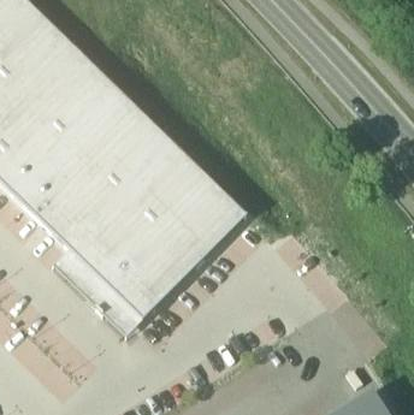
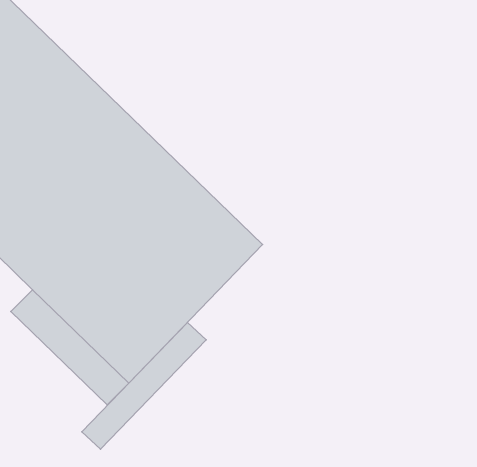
building: none -> [82,323,206,449]

